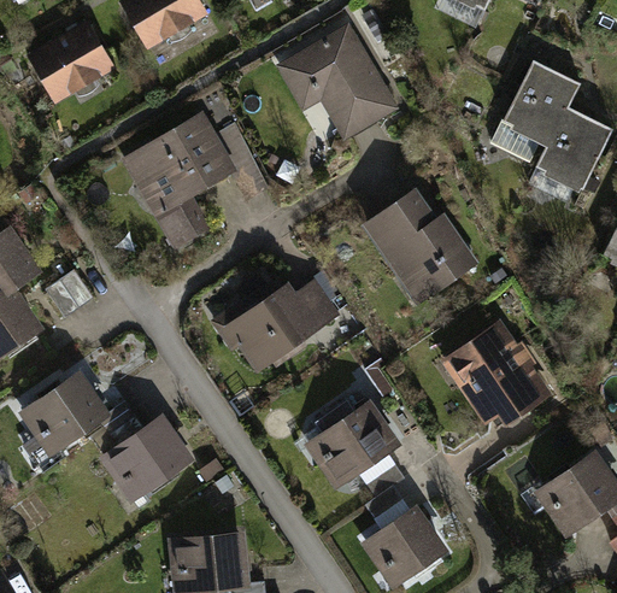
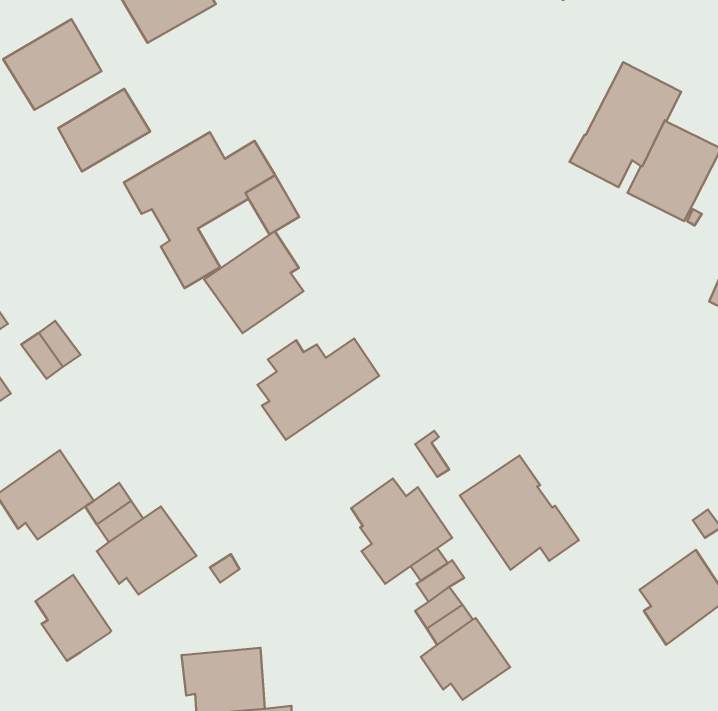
building: [282,30,390,134] -> none
building: none -> [58,89,150,172]
building: [366,192,472,296] -> none
building: none -> [204,231,304,333]
building: [447,327,543,419] -> [460,455,579,570]
building: none -> [35,575,111,661]

